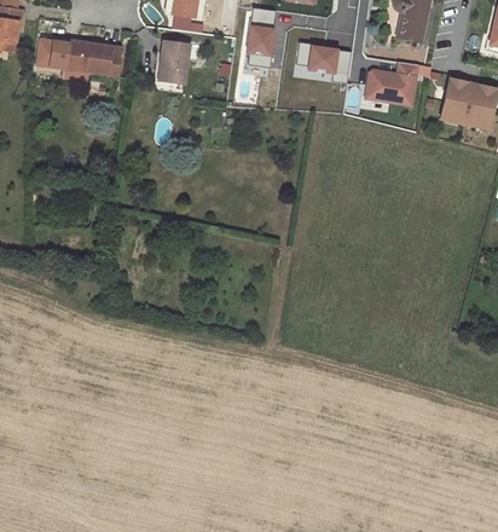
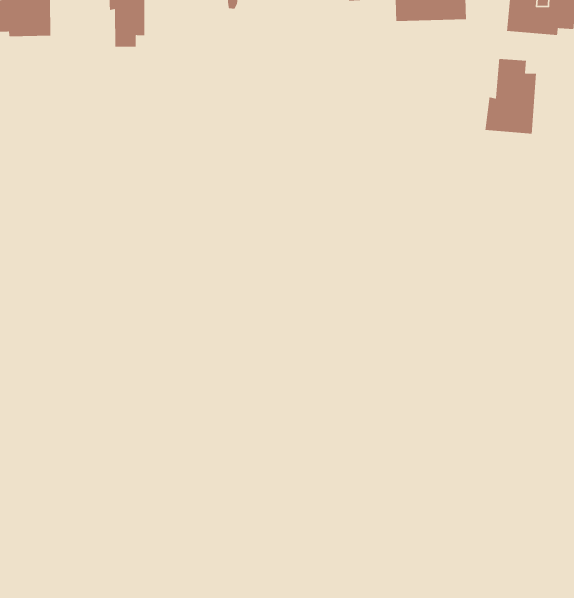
building: none -> [485,58,537,135]

